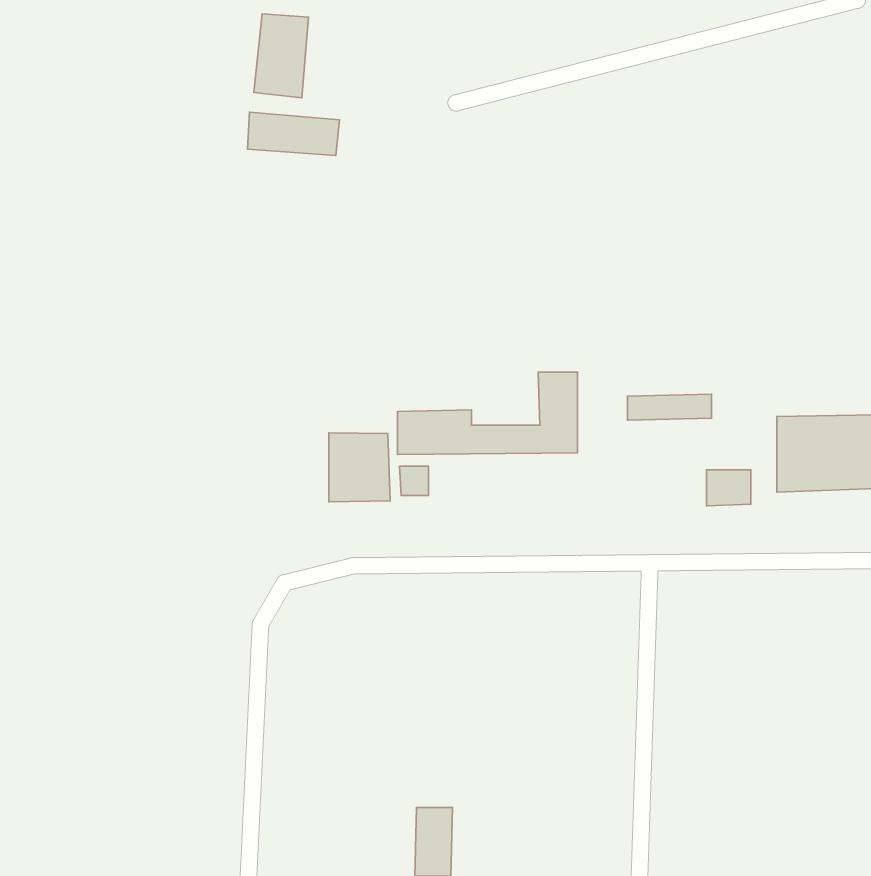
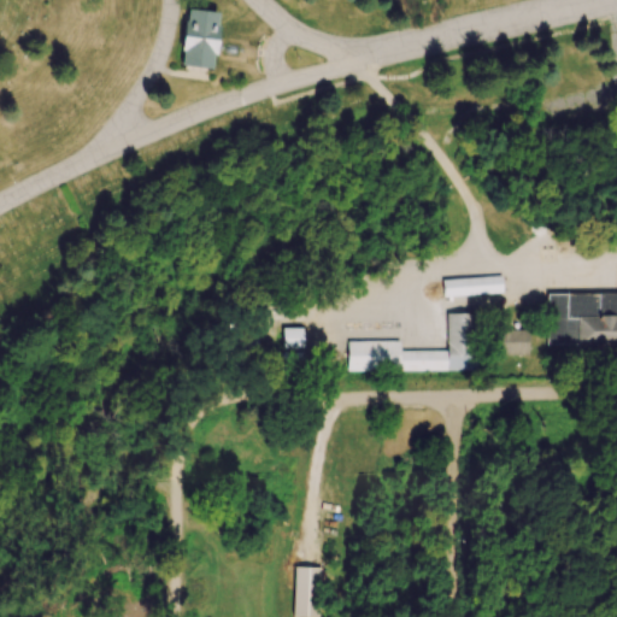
building: [247,112,339,155] -> none
building: [398,372,578,454] -> [349,313,476,371]
building: [329,433,390,502] -> none

